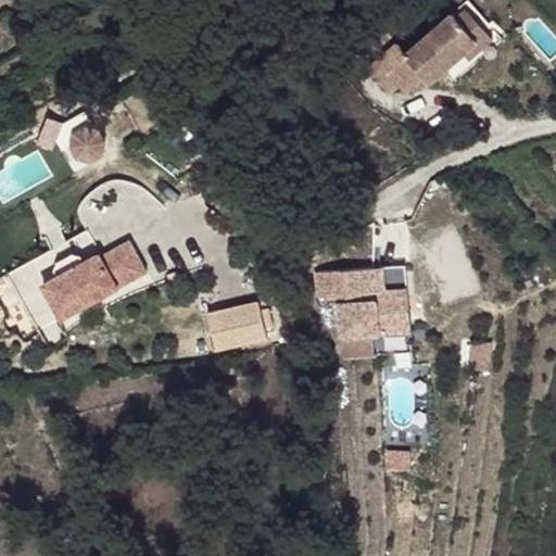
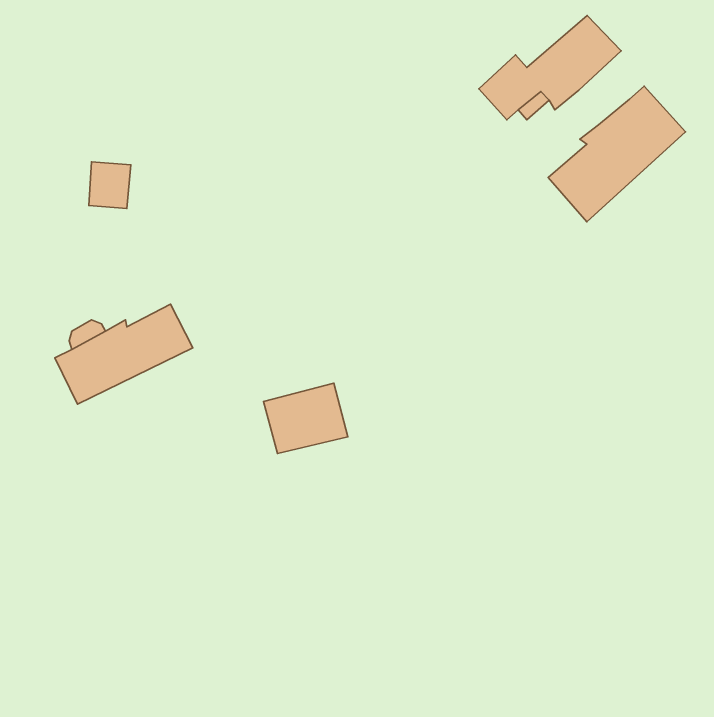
building: none -> [548,86,686,222]
building: [318,278,413,352] -> none

